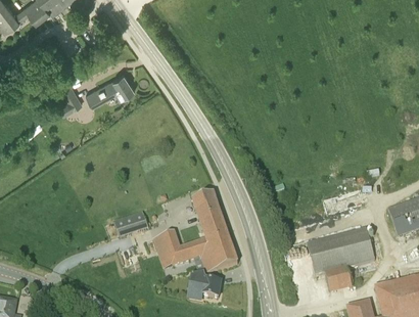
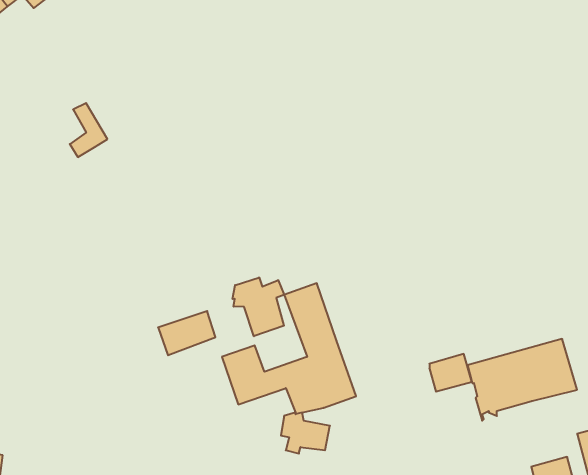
building: [86,72,135,104] -> none
building: none -> [233,277,284,336]
building: [325,266,352,289] -> [429,354,472,392]

